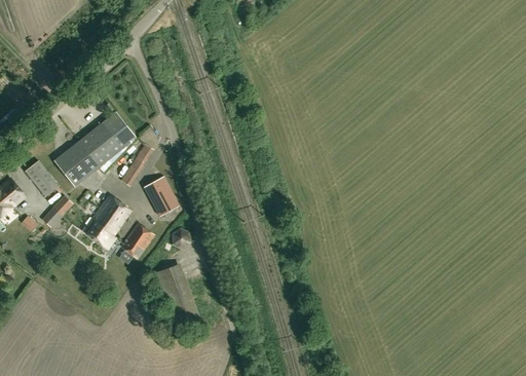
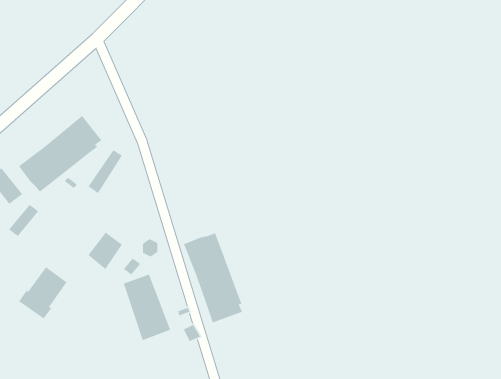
building: [144,177,180,217] -> none
building: [83,196,130,248] -> [18,266,67,320]
building: none -> [183,232,243,323]

